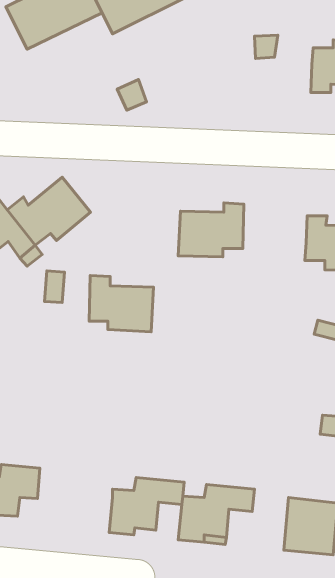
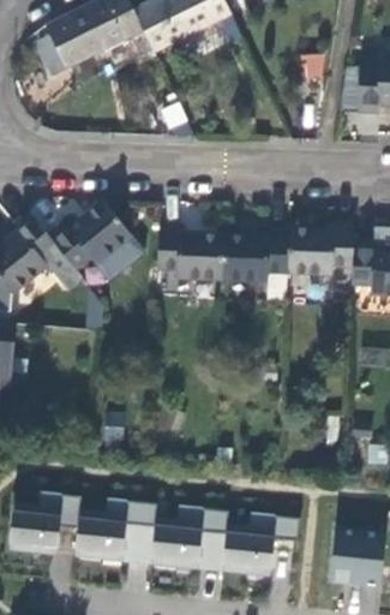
building: none -> [287,222,353,277]
building: [89,275,154,332] -> [157,225,223,282]
building: none -> [73,502,156,561]

